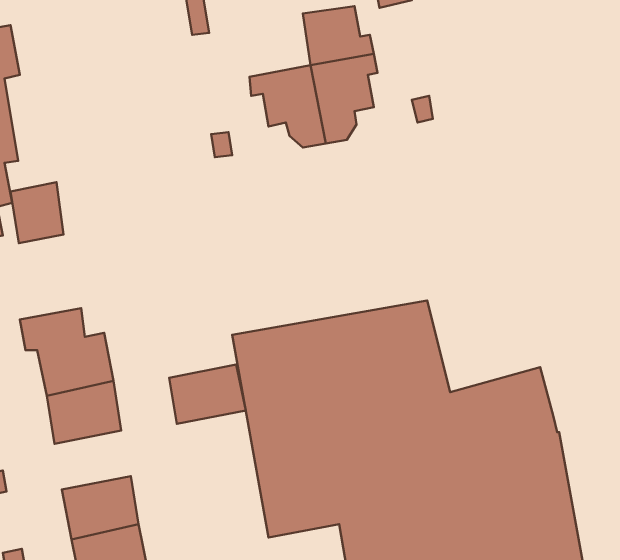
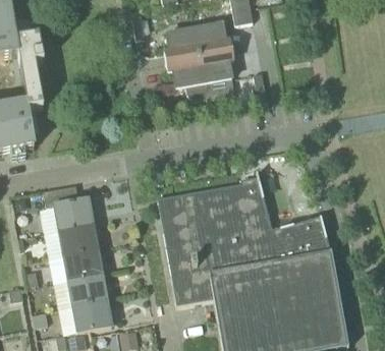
building: none -> [164,25,199,59]
building: [10,182,64,243] -> none
building: [169,364,246,424] -> [62,247,103,279]

